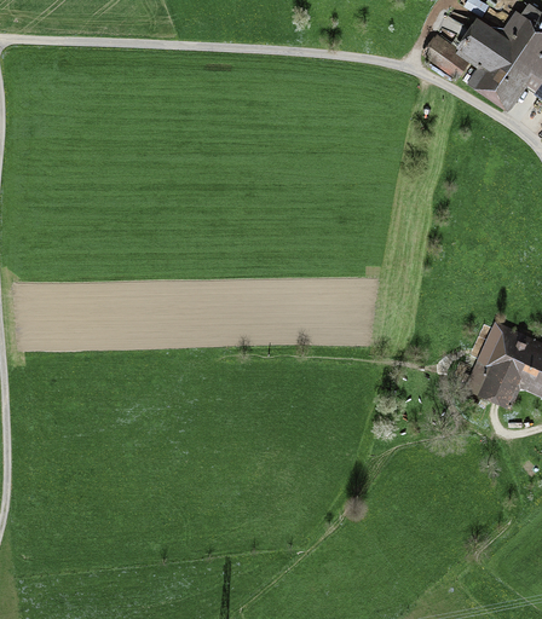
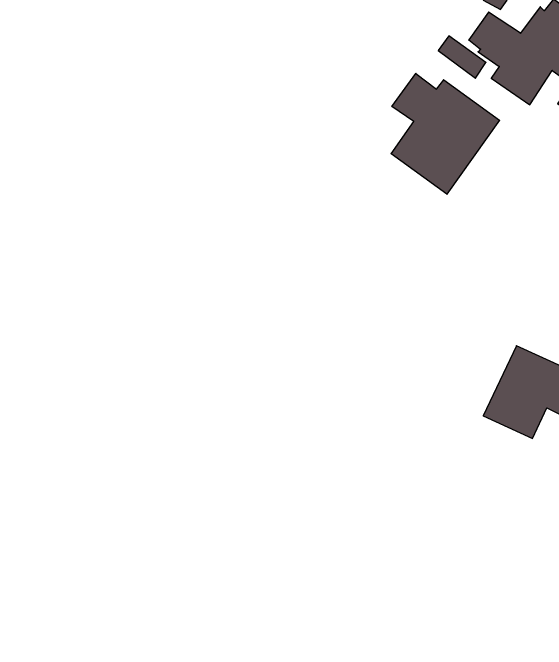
building: none -> [391,73,500,194]

